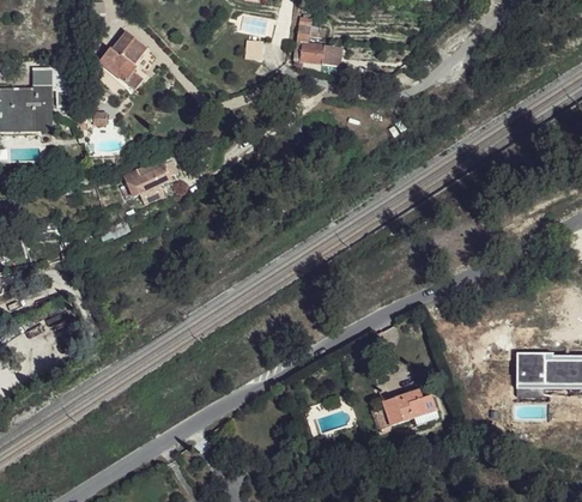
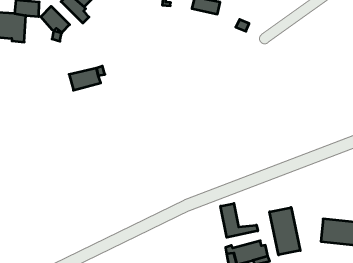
building: none -> [41,6,70,33]
building: none -> [270,207,300,255]
building: none -> [221,203,258,237]

